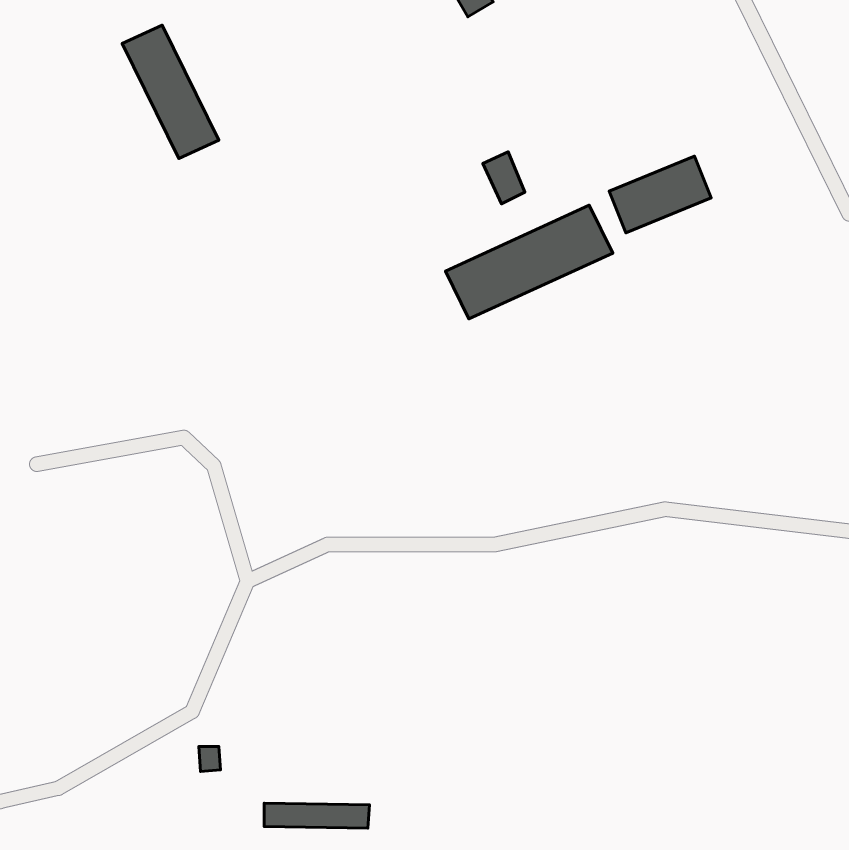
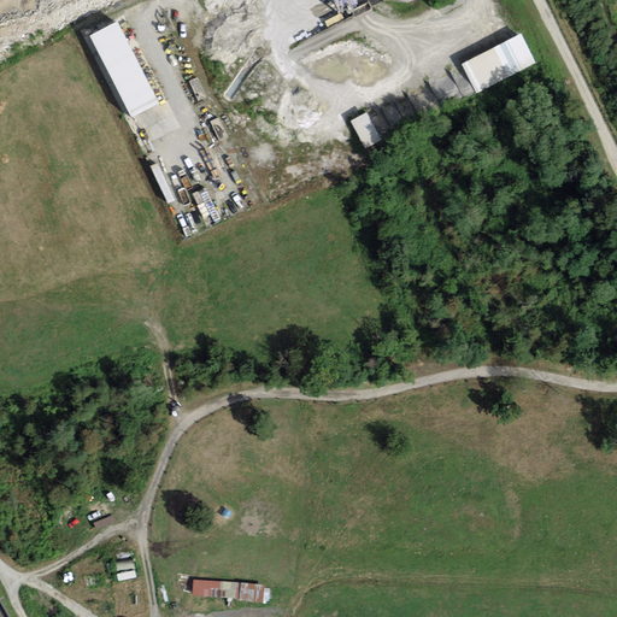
building: [609,156,711,233] -> [460,37,534,93]
building: [445,205,613,319] -> none

